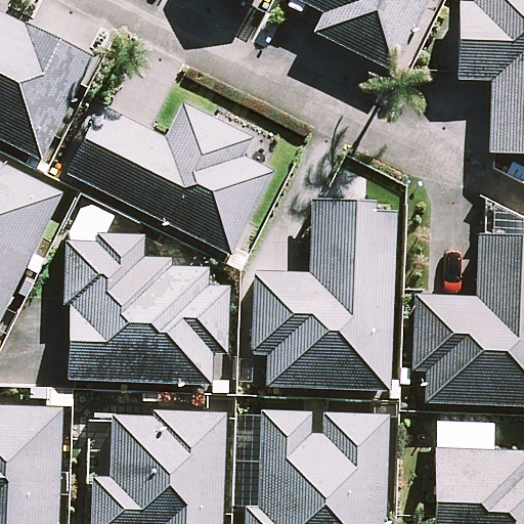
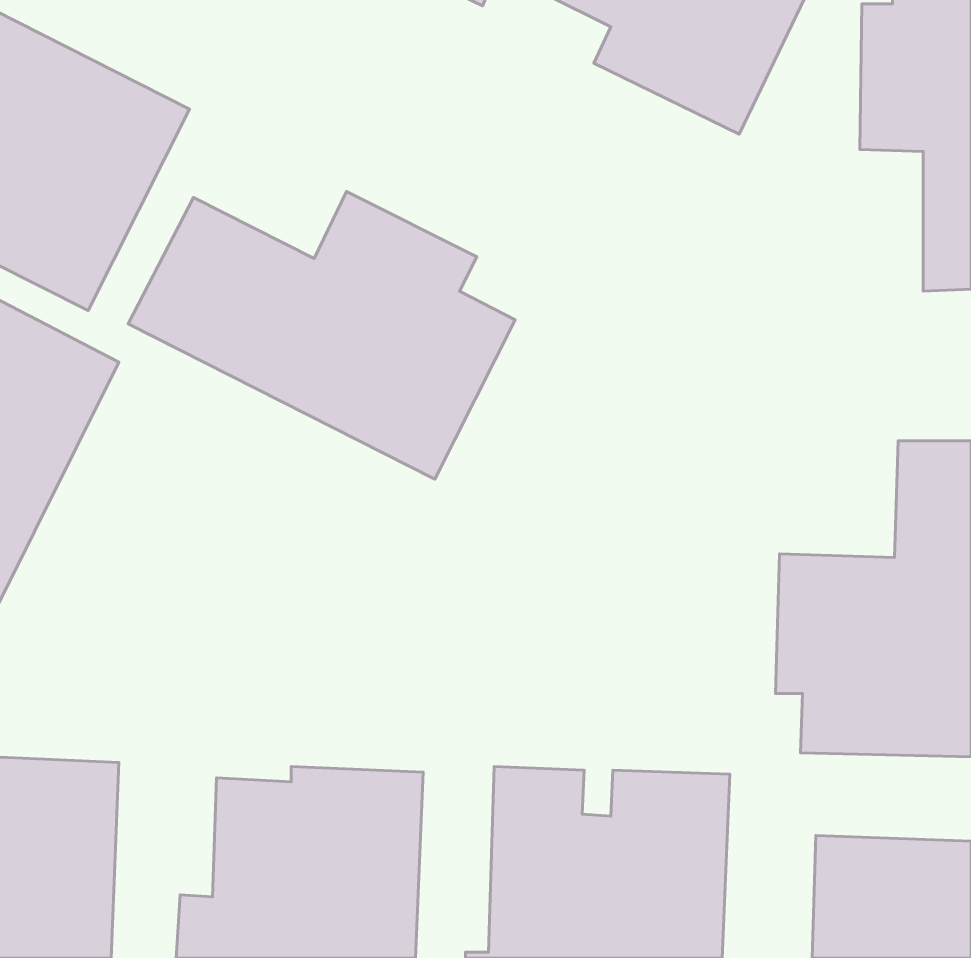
building: [254,200,397,391] -> none
building: [67,233,232,385] -> none

